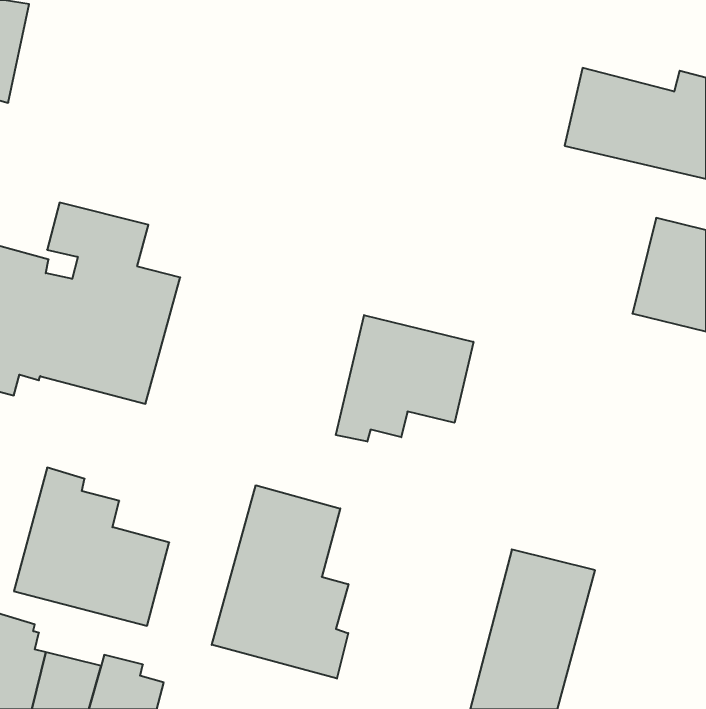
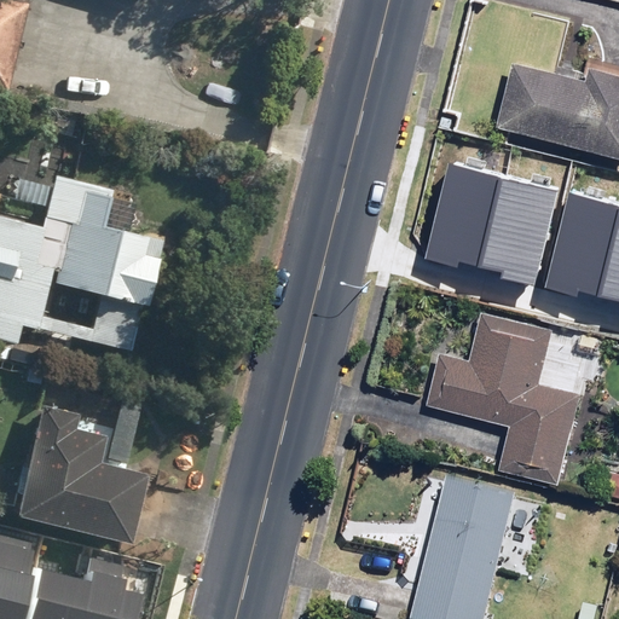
building: none -> [432,164,553,271]
building: [336,315,473,442] -> none
building: none -> [428,312,582,485]
building: [212,485,348,679] -> none

